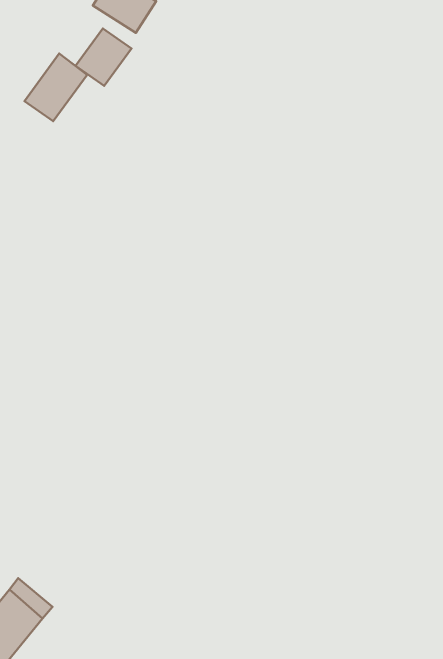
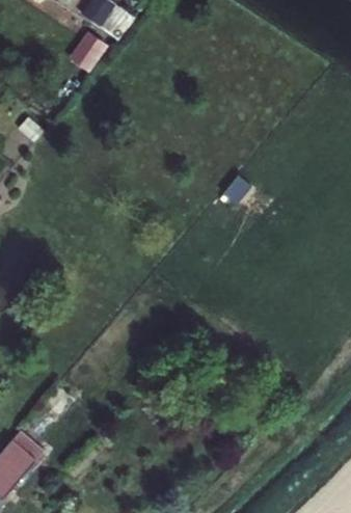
building: [24,54,87,121] -> none

